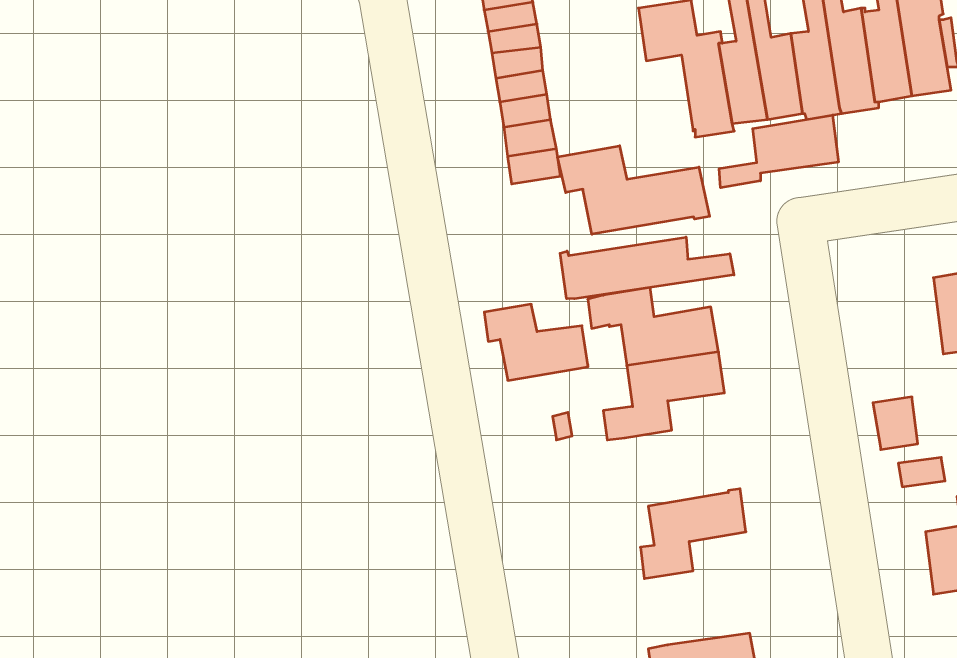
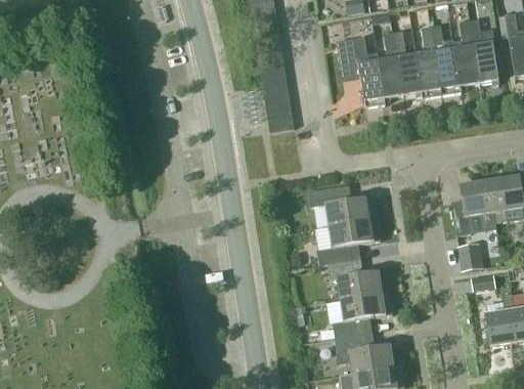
building: [719,115,838,188] -> none
building: [558,146,710,234] -> none
building: [560,237,734,299] -> none
building: none -> [451,179,494,233]
building: [484,304,588,380] -> [328,259,382,299]
building: none -> [334,333,393,372]

